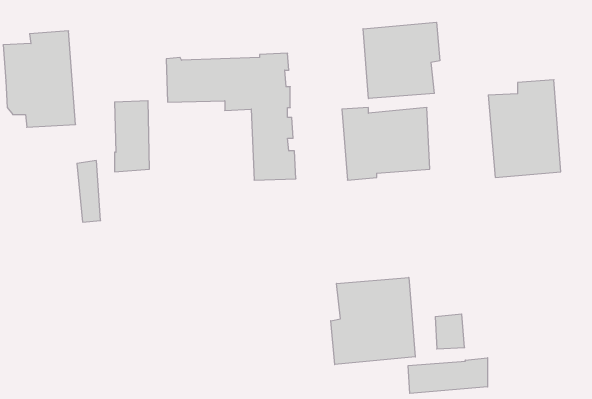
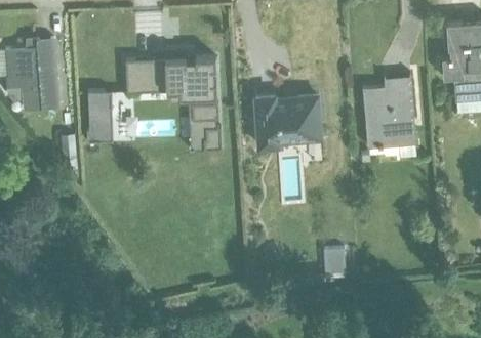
building: [363,22,440,99] -> none
building: [331,277,415,365] -> none
building: [408,358,488,393] -> none

